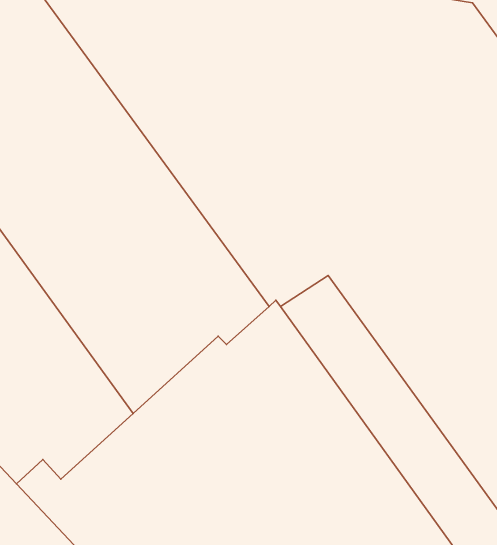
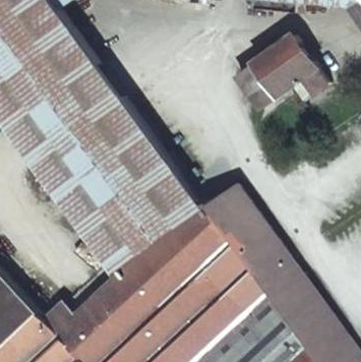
building: none -> [238,34,325,107]

